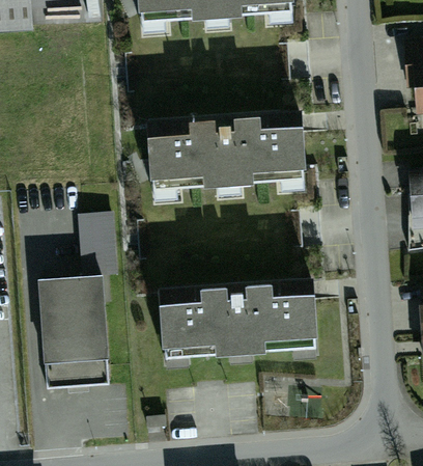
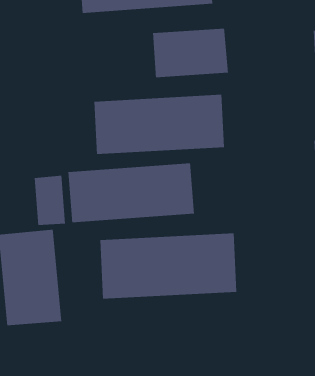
building: none -> [153,28,228,78]
building: none -> [68,163,195,223]

